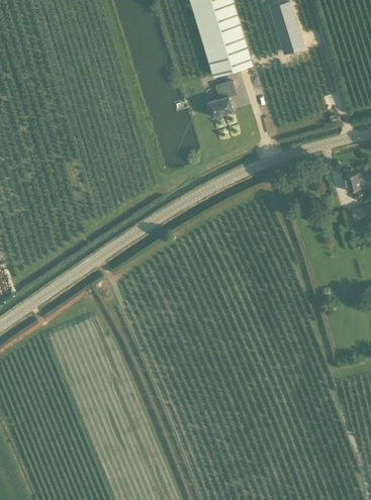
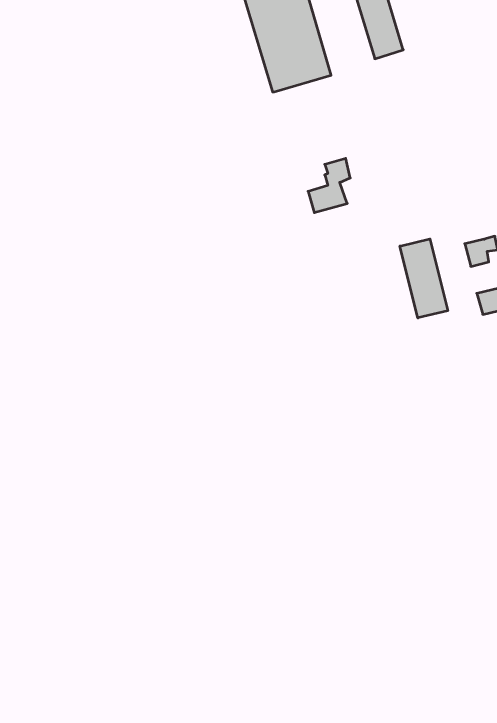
building: [206,79,235,115] -> [308,158,350,213]
building: none -> [400,239,448,318]

